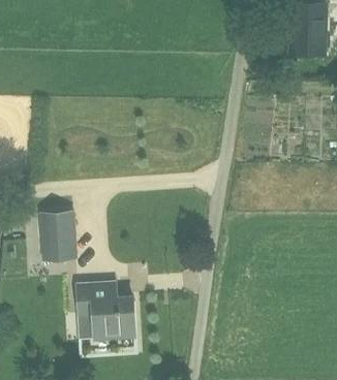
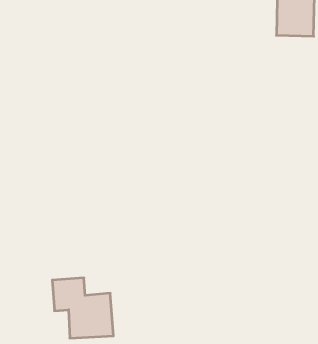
building: [37,210,76,261] -> none

